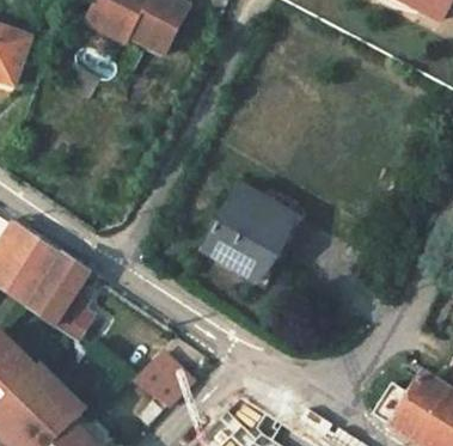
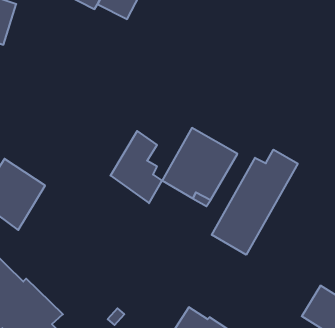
building: none -> [212,150,298,255]
building: [31,255,93,342] -> [110,131,162,203]
building: [133,353,194,407] -> none

